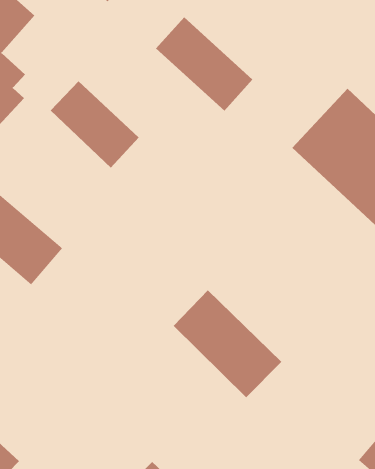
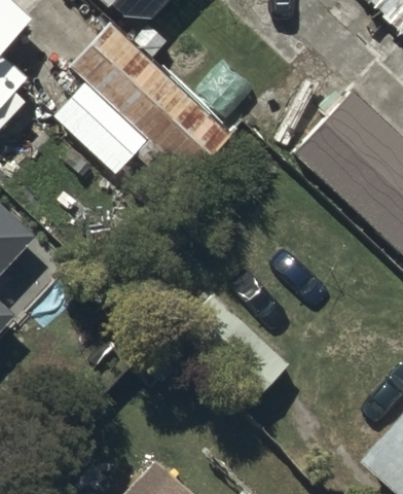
building: none -> [70,25,232,177]

